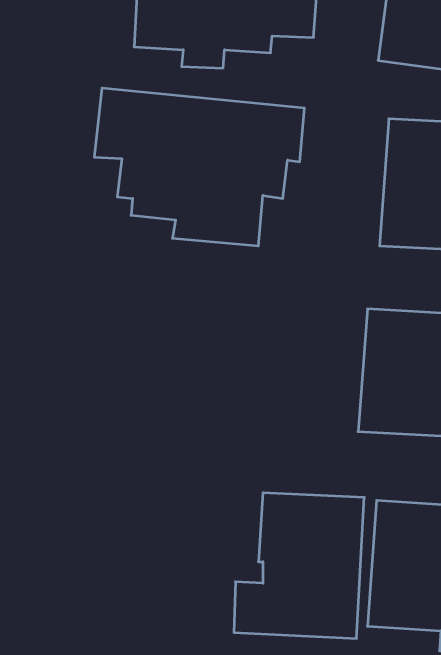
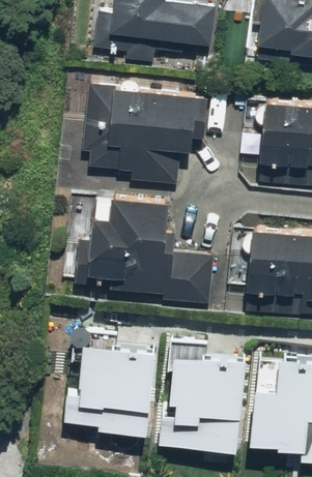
building: none -> [78,196,215,303]
building: none -> [64,344,162,431]

